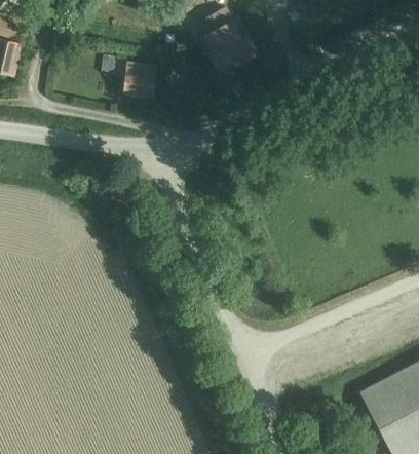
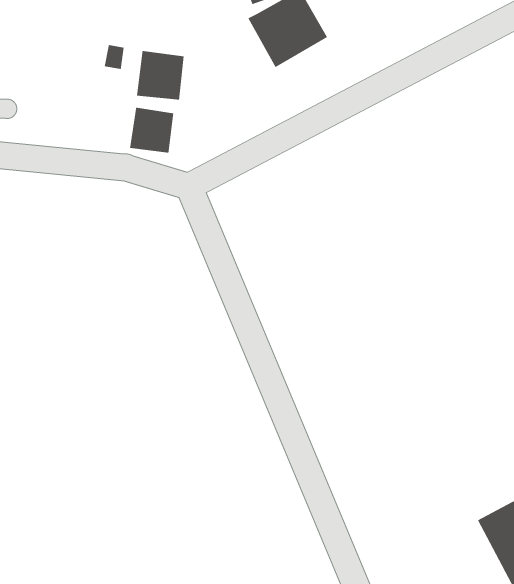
building: none -> [129,107,174,153]

